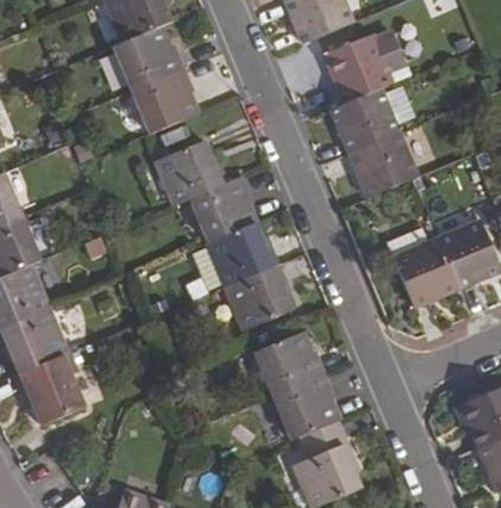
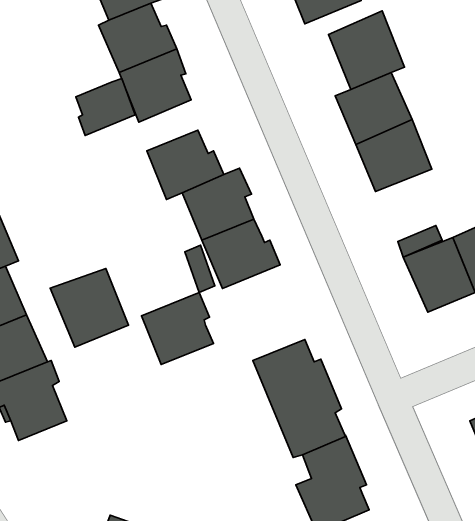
building: none -> [76,78,135,135]
building: [227,265,292,330] -> [142,292,213,364]
building: none -> [50,268,129,347]

